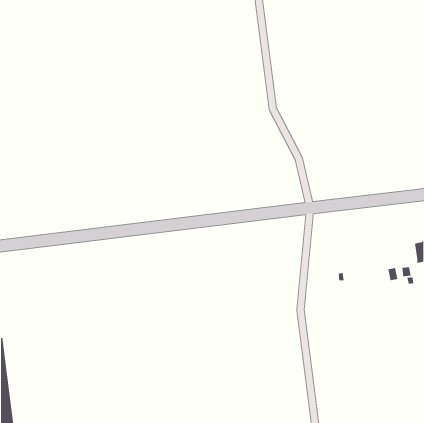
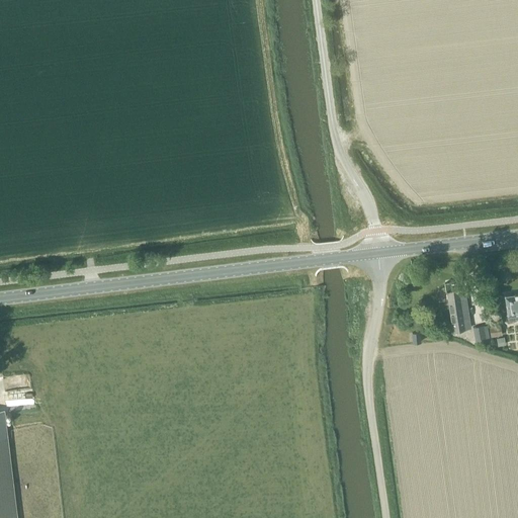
building: none -> [444,282,469,333]

